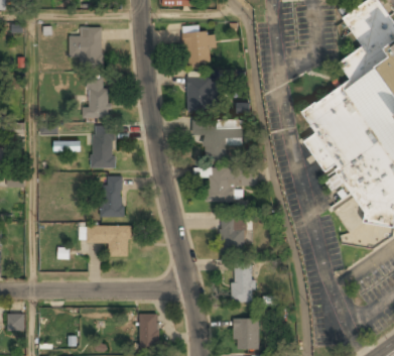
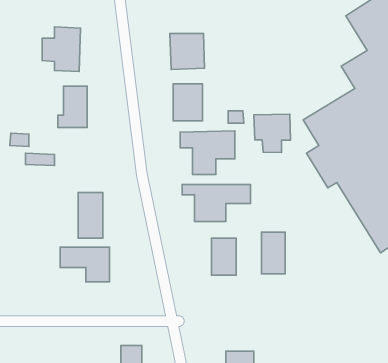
building: none -> [254,114,291,153]
building: [92,125,115,166] -> none
building: [232,264,253,302] -> [262,232,285,274]

